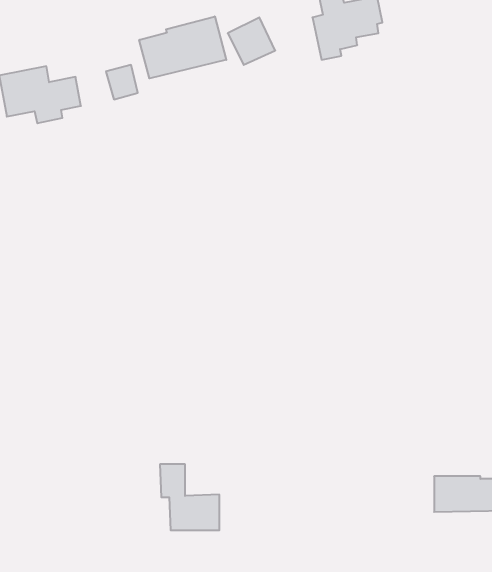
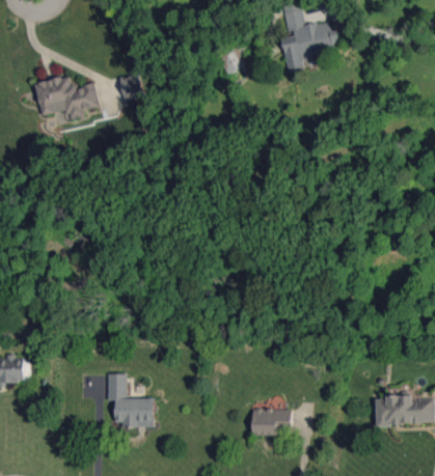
building: [139,16,226,78] -> none
building: [160,464,219,530] -> [107,373,154,425]
building: none -> [251,409,293,435]

